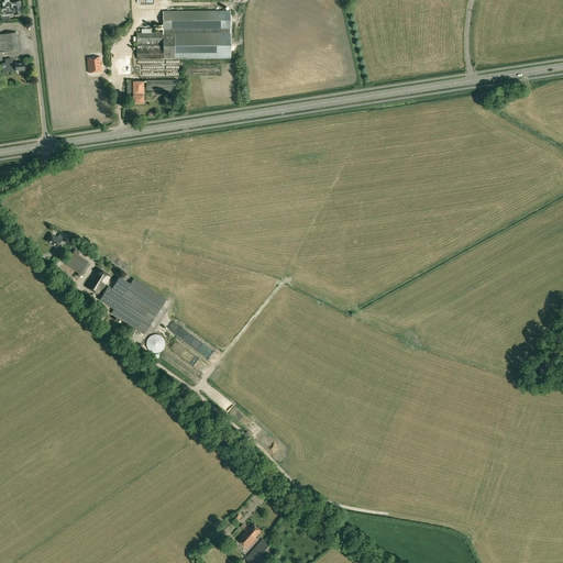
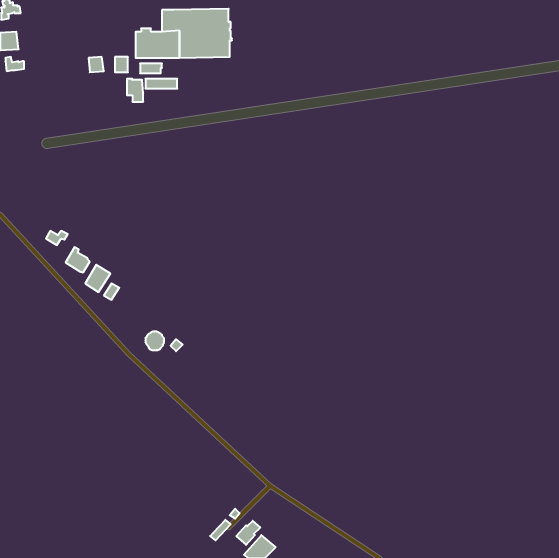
building: [111,278,166,333] -> none

